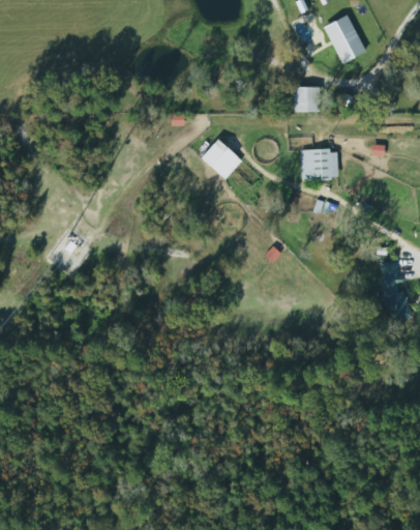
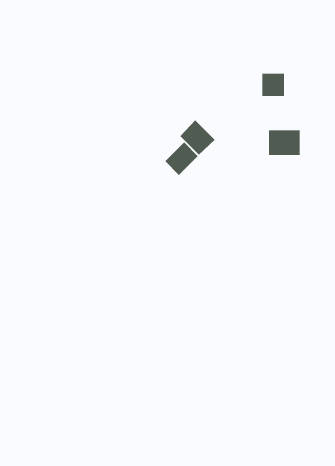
building: [324,13,366,63] -> none
building: none -> [164,142,199,176]

